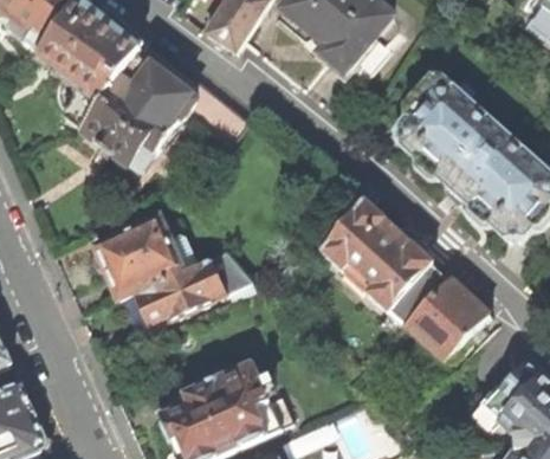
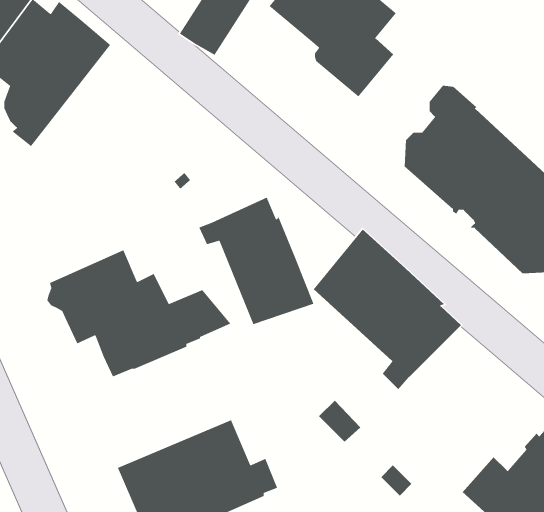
building: [80,39,251,170] -> none
building: none -> [198,196,315,325]
building: [405,277,491,361] -> none

